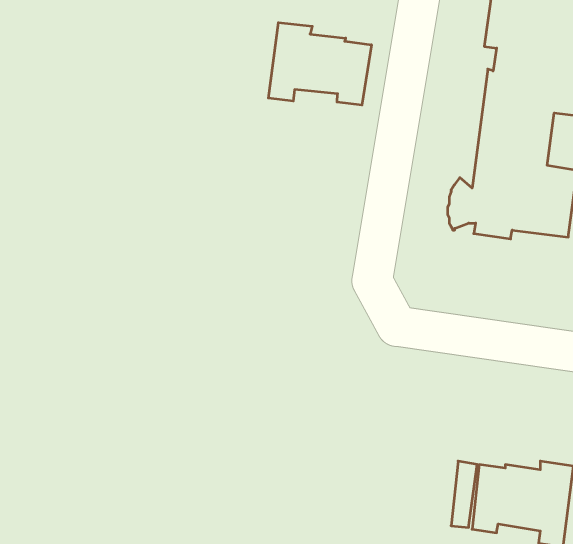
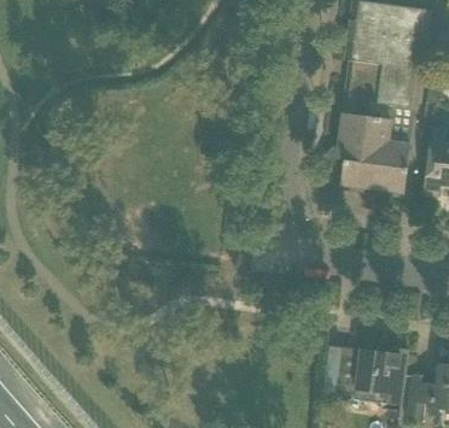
building: [268,23,371,105] -> none

